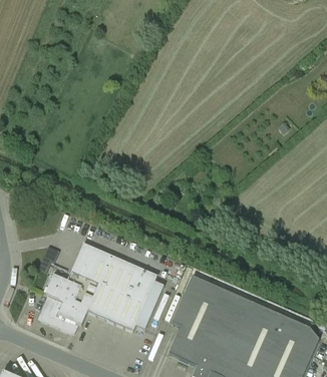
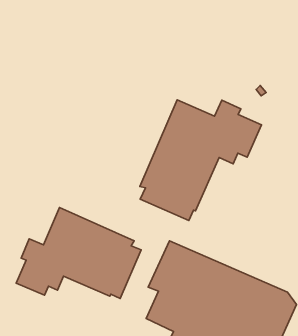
building: none -> [140,100,261,221]

